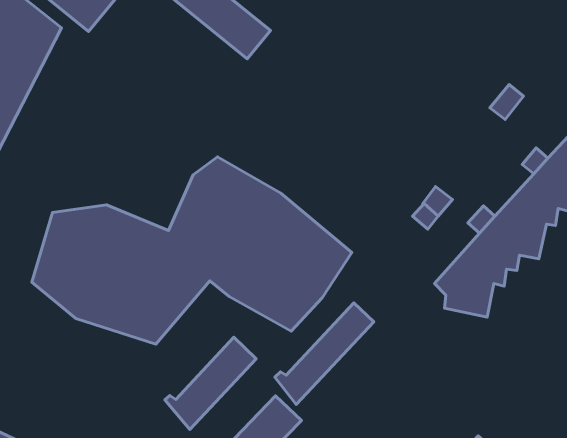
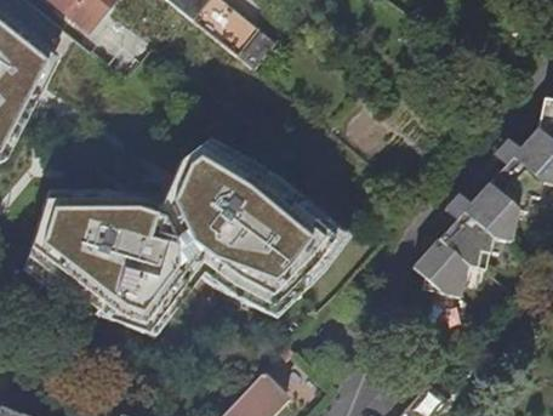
building: [275,303,374,404] -> none
building: [165,337,256,430] -> none

